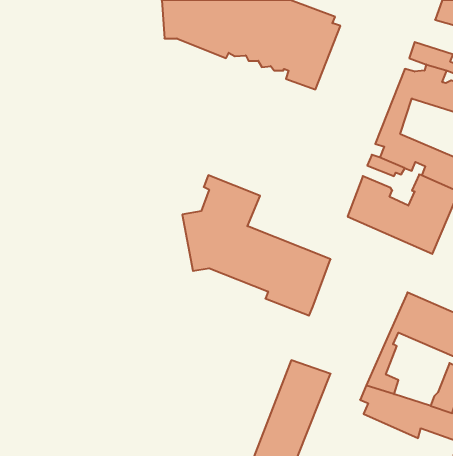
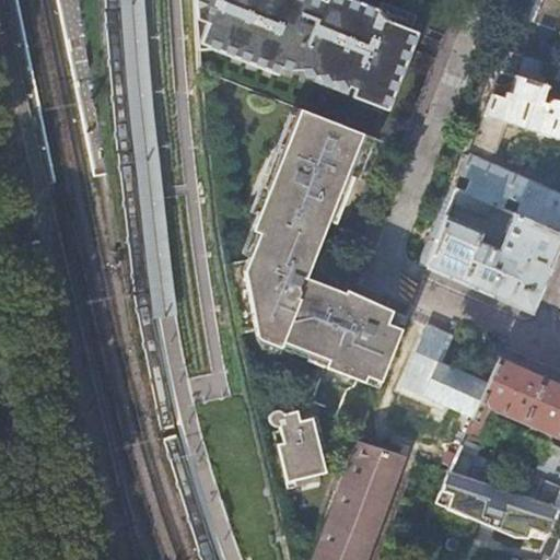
building: none -> [259,108,377,241]
building: none -> [387,318,503,416]
building: none -> [272,410,329,491]

